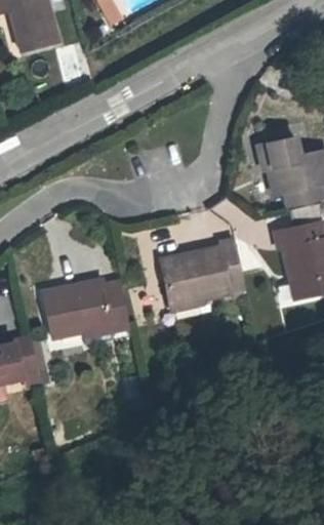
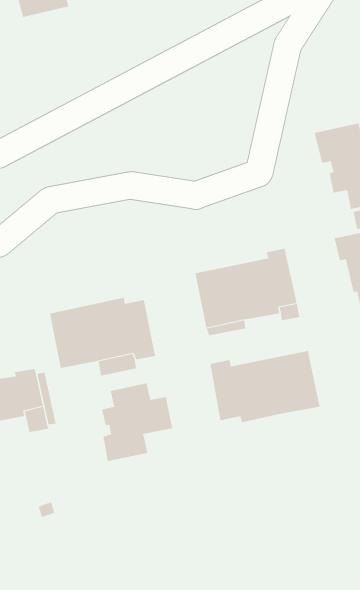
building: none -> [210,350,320,423]
building: none -> [101,383,173,462]

